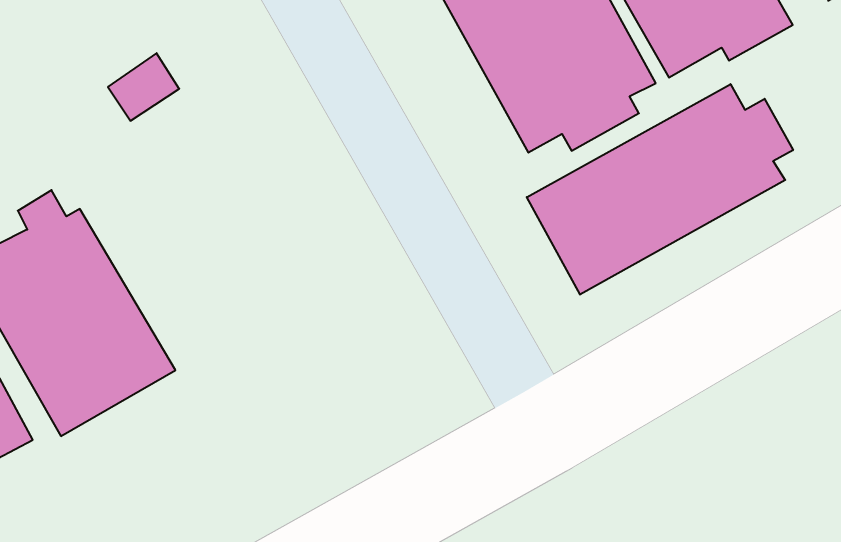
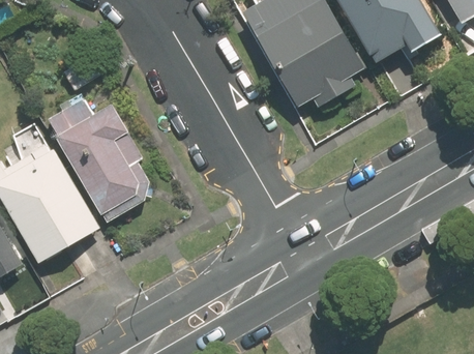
building: [527,84,793,295] -> none
building: none -> [46,95,159,225]

